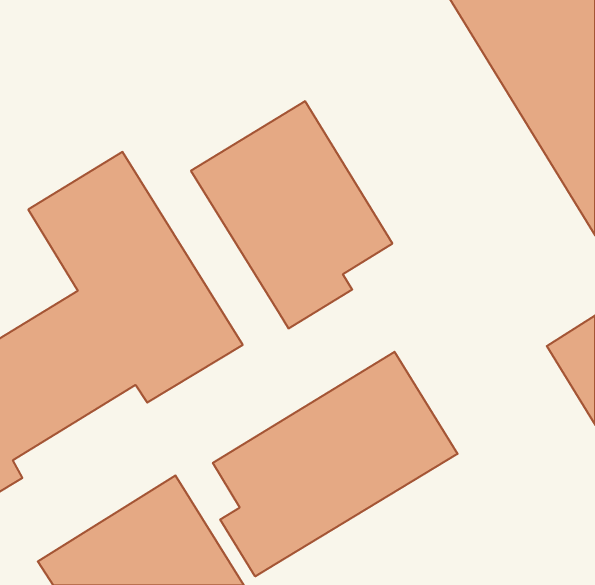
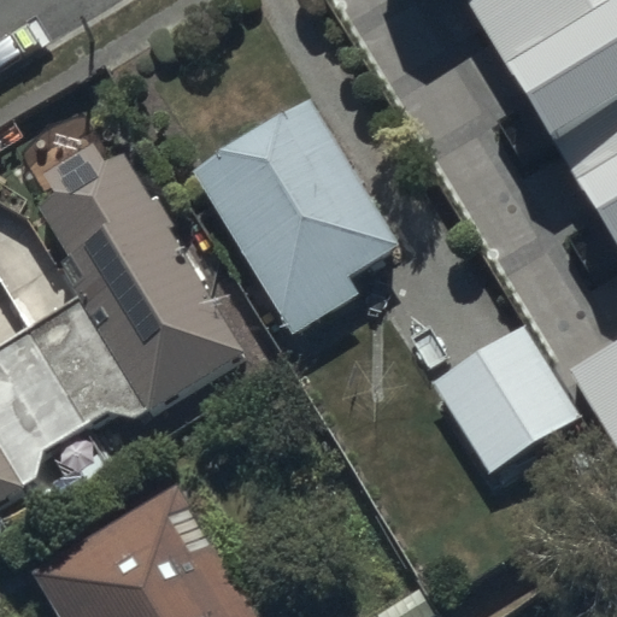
building: none -> [434,318,590,472]
building: [213,352,458,576] -> none

